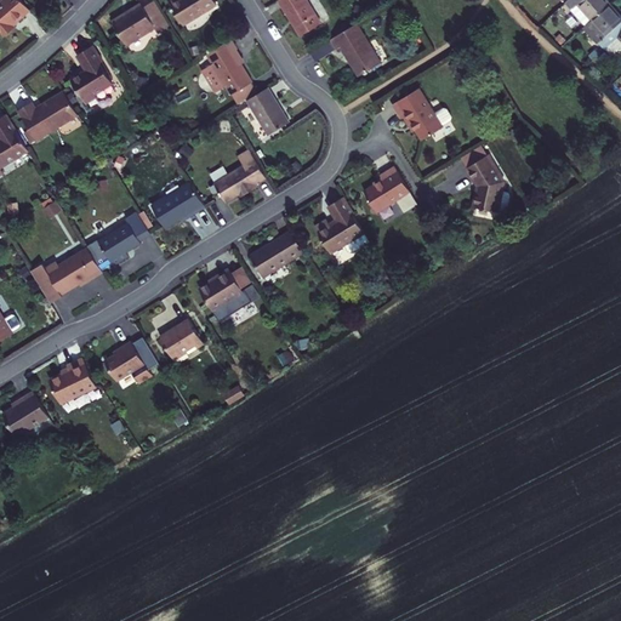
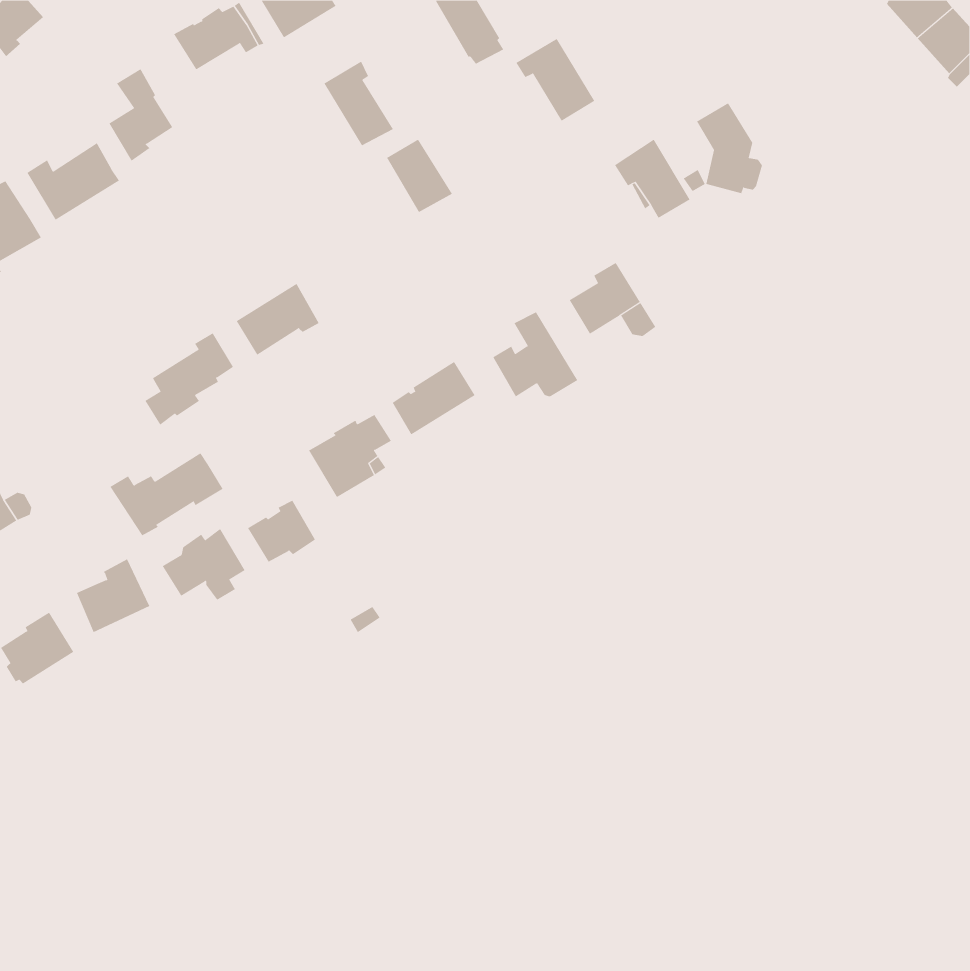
building: [466,155,508,213] -> [696,103,763,194]
building: [213,159,264,201] -> none
building: [29,249,102,302] -> [110,453,224,536]

